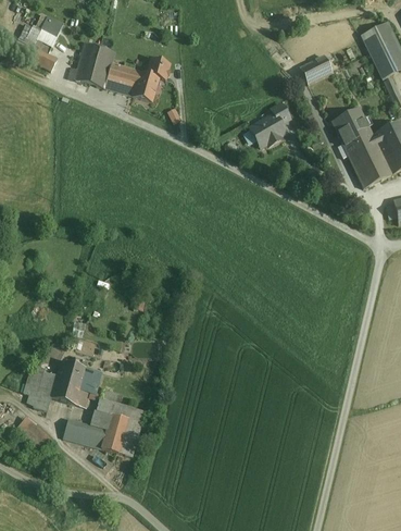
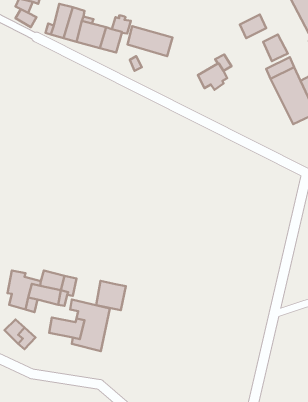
building: none -> [127,26,172,56]
building: none -> [263,34,288,61]
building: none -> [96,281,126,310]

